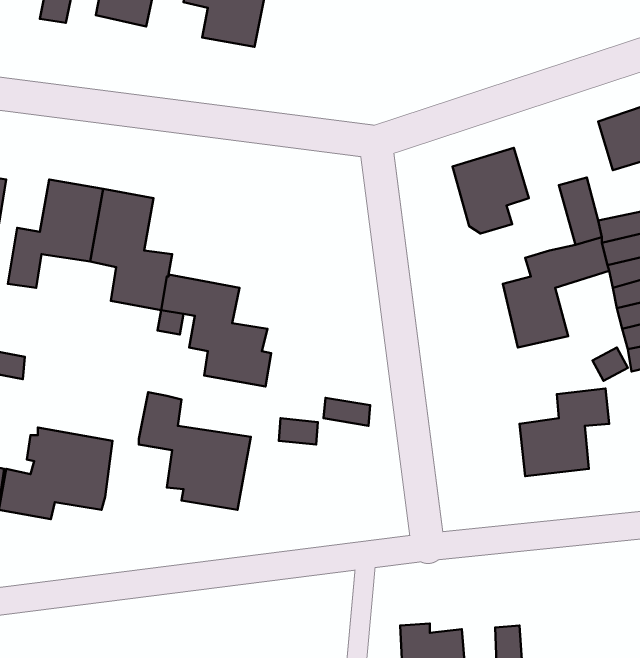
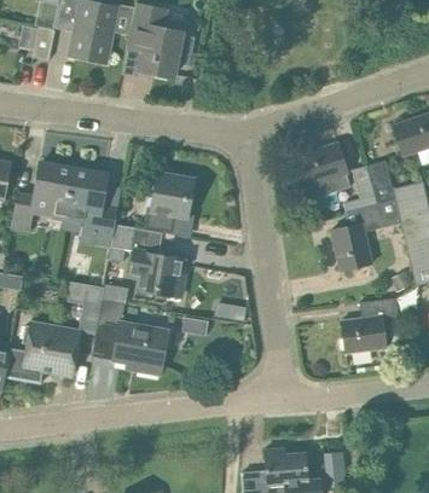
building: none -> [344,166,379,213]
building: none -> [143,174,195,233]
building: none -> [68,283,104,330]

